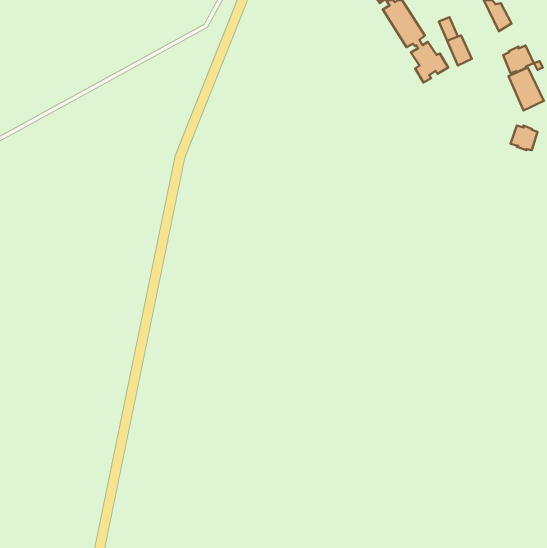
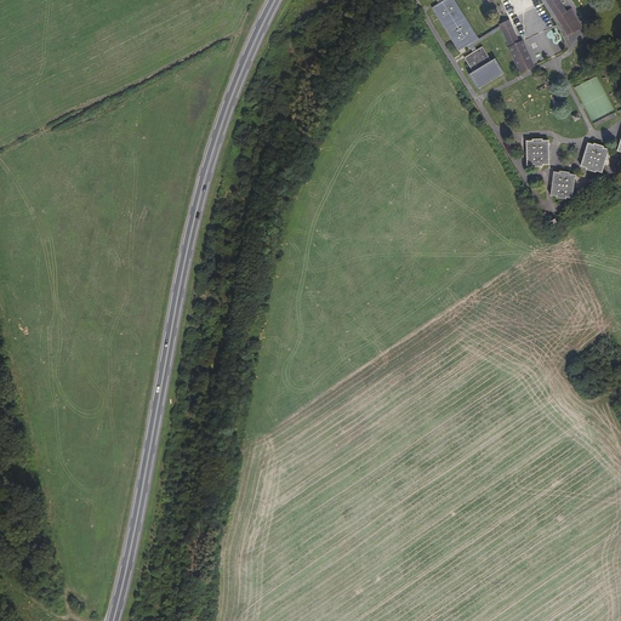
building: [503,45,534,73] -> none
building: none -> [524,137,549,163]
building: none -> [548,170,575,196]

